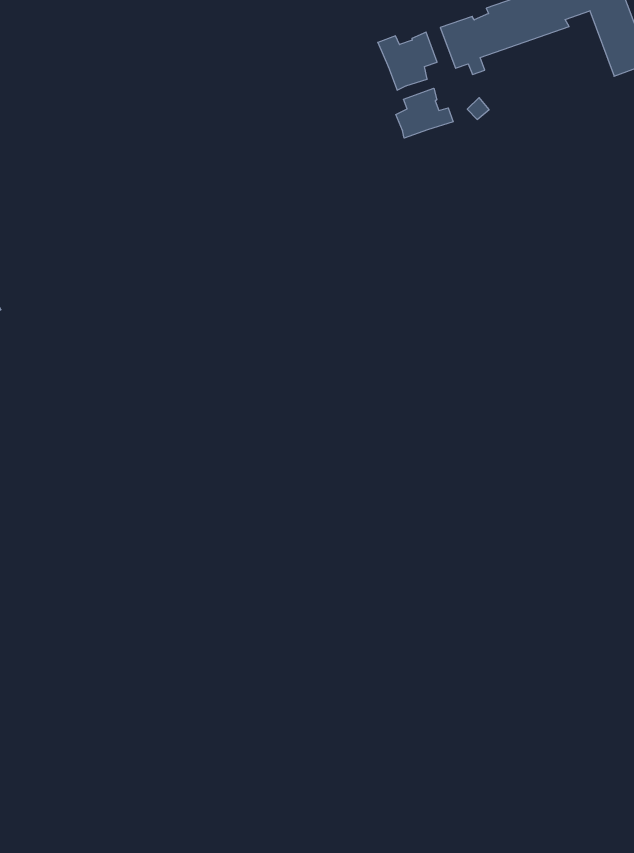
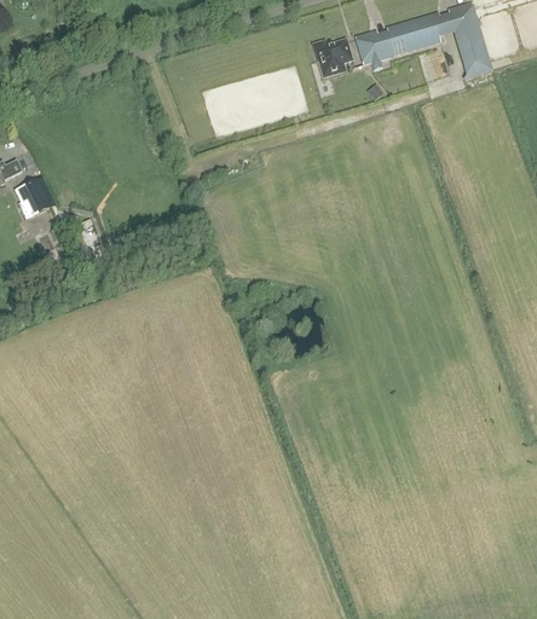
building: [396,88,453,138] -> none

